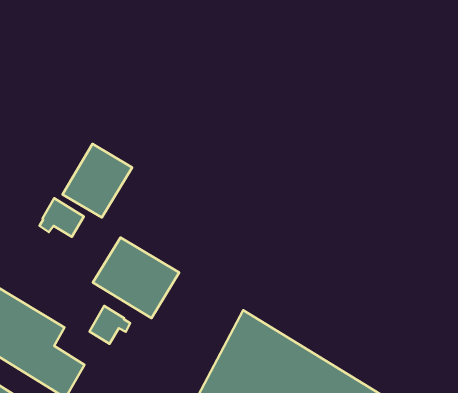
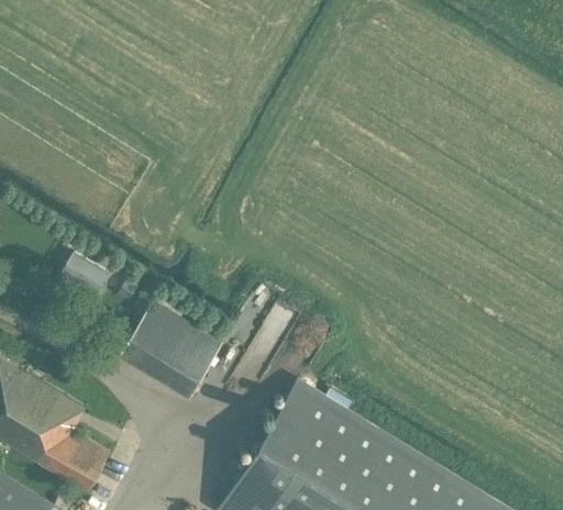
building: [63,144,132,217] -> none
building: [89,306,130,344] -> none

